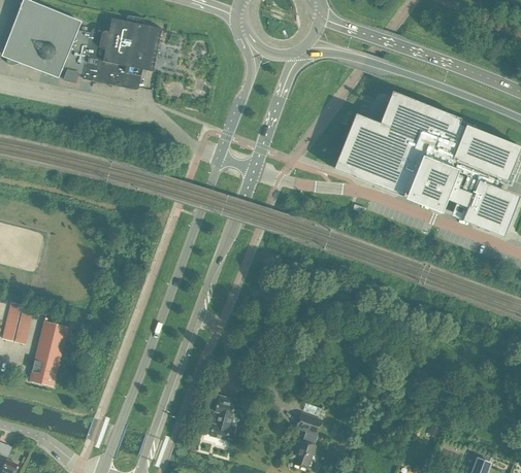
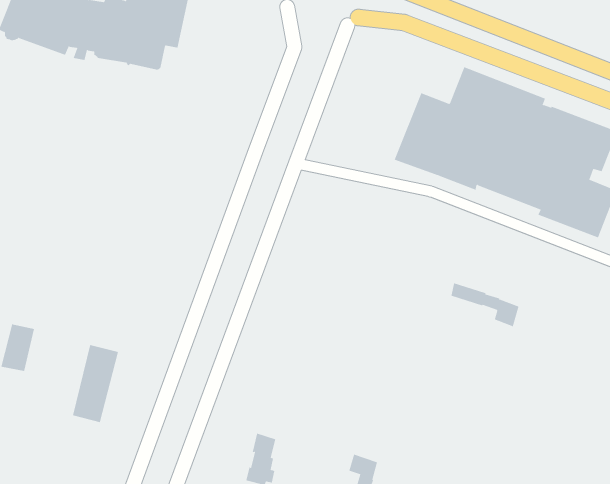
building: none -> [451,282,519,327]
building: [28,323,67,388] -> [72,344,119,423]

